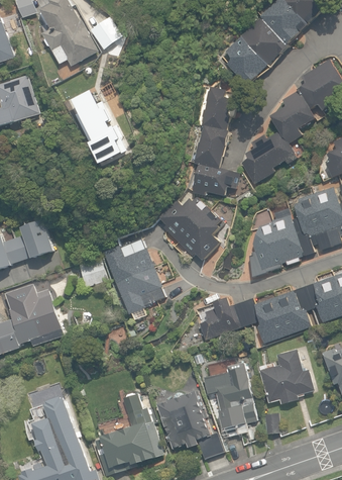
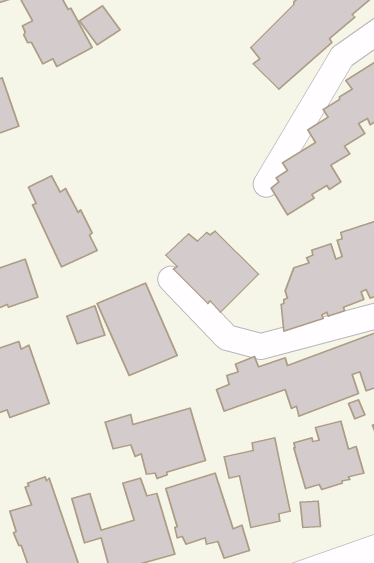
building: [191,87,238,196] -> none
building: [71,90,125,163] -> [29,176,97,267]
building: none -> [105,408,206,479]

